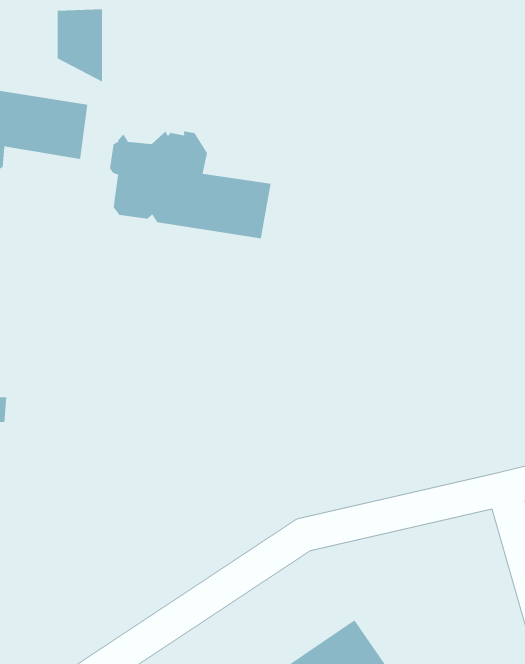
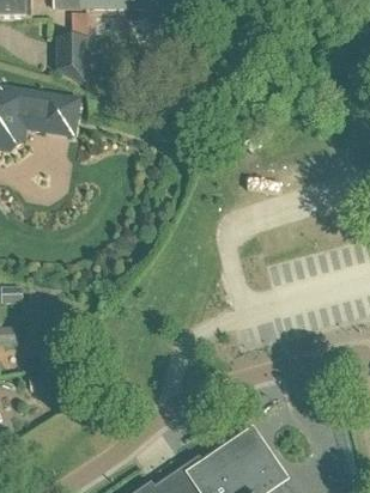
building: [109,130,271,239] -> none

